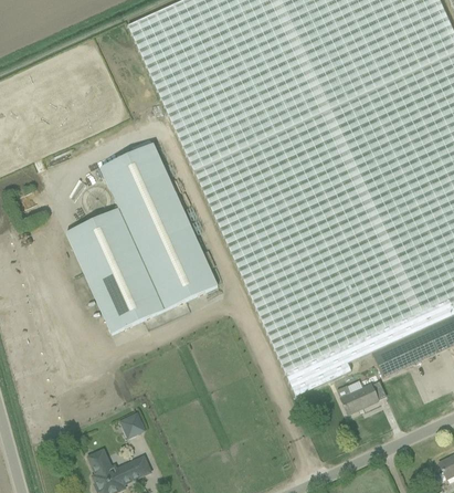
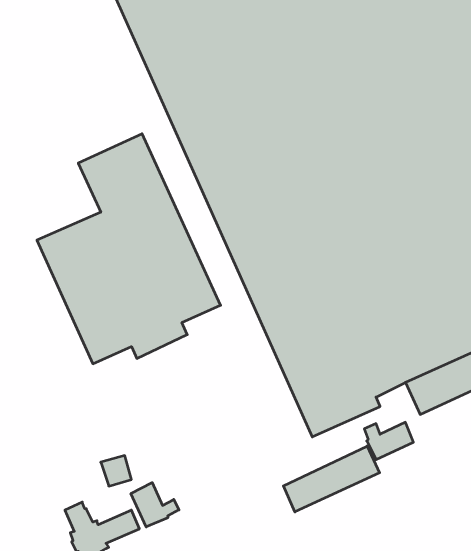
building: none -> [283,446,380,512]
building: none -> [131,483,179,527]

